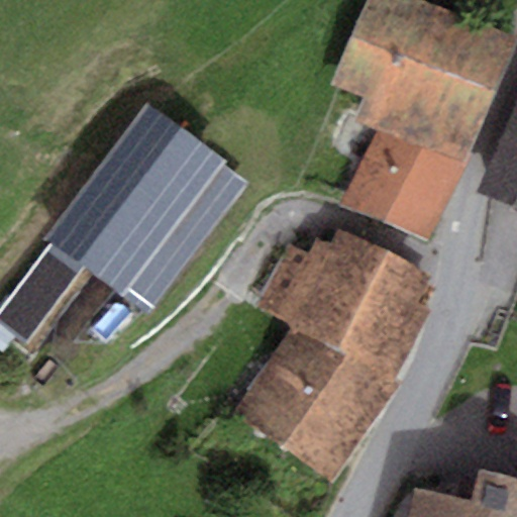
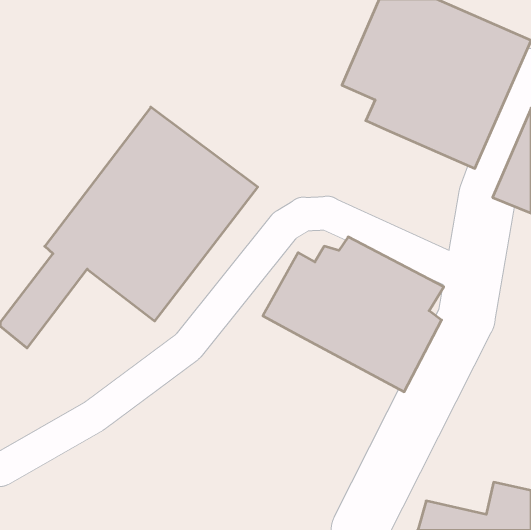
building: [342,126,466,240] -> none
building: [235,327,401,483] -> none

